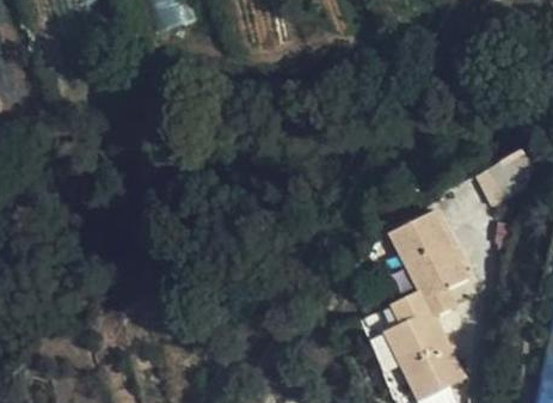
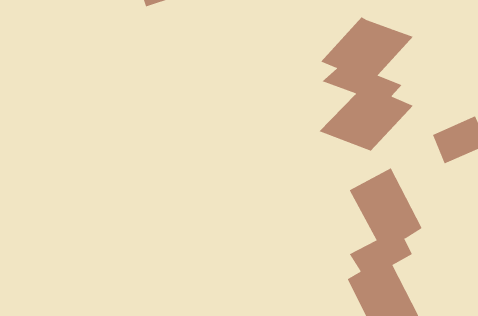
building: none -> [318,17,414,152]

